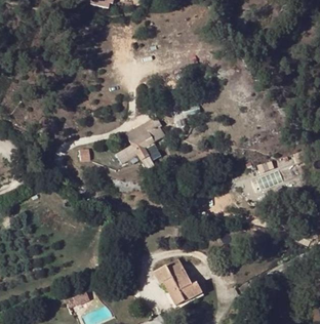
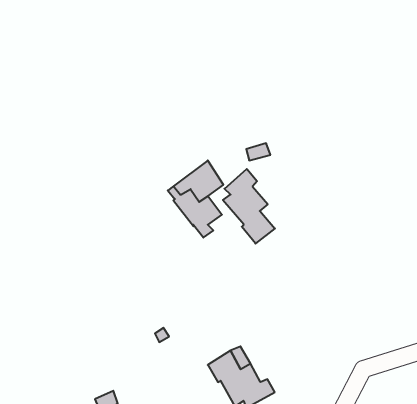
building: none -> [223,169,275,244]

